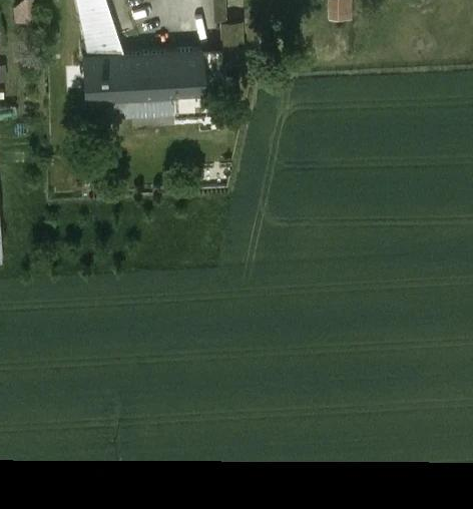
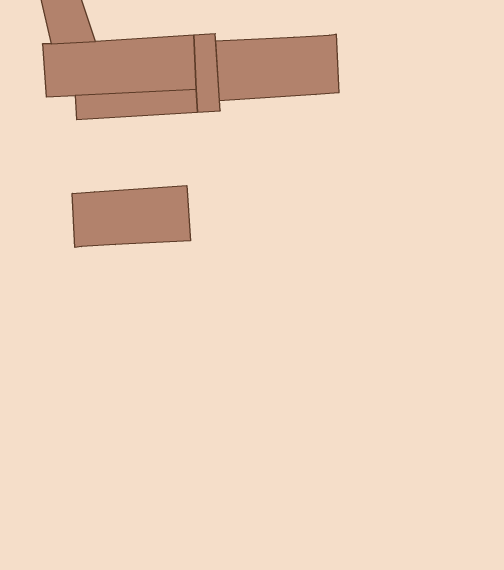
building: none -> [216,34,339,101]
building: none -> [72,186,190,247]

